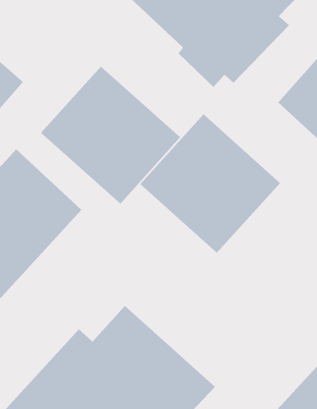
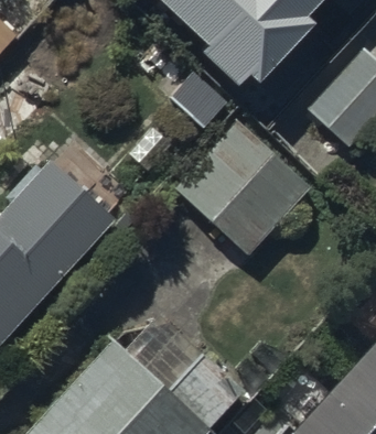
building: [40,66,181,204] -> none

